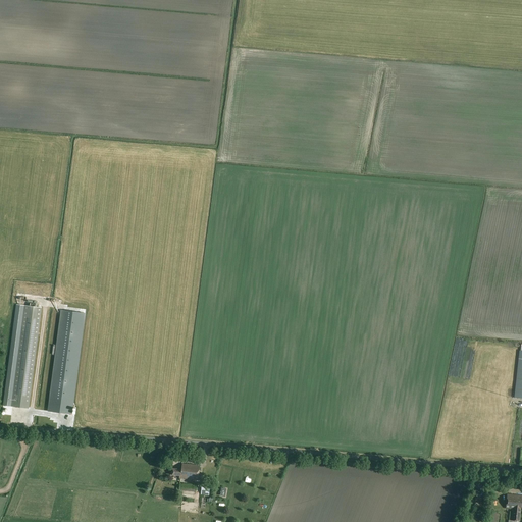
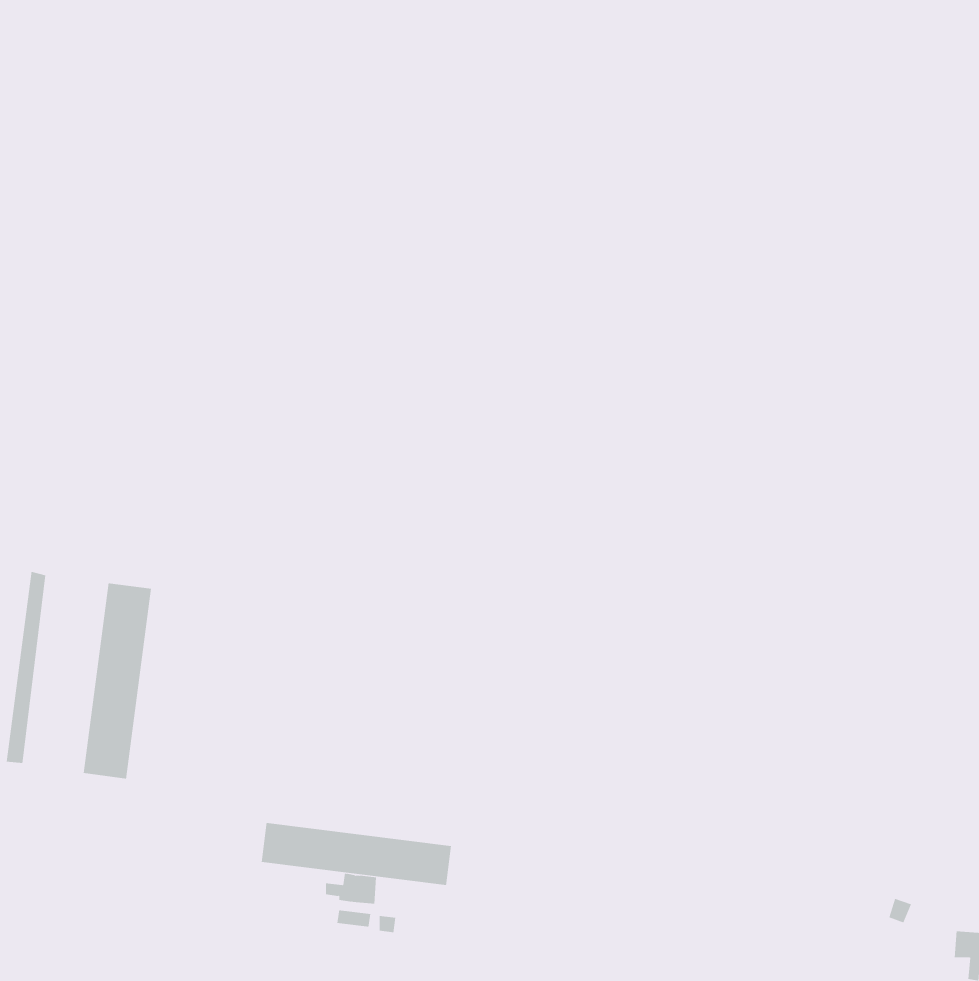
building: [14,305,44,407] -> none
building: none -> [261,822,452,886]

